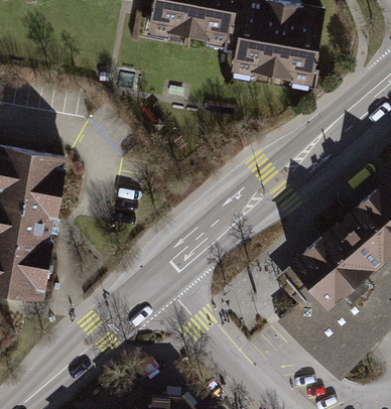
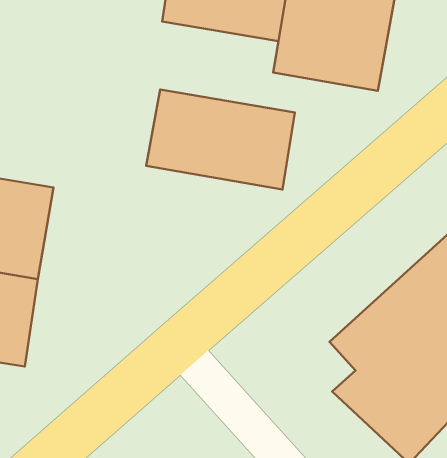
building: none -> [146,90,295,189]

